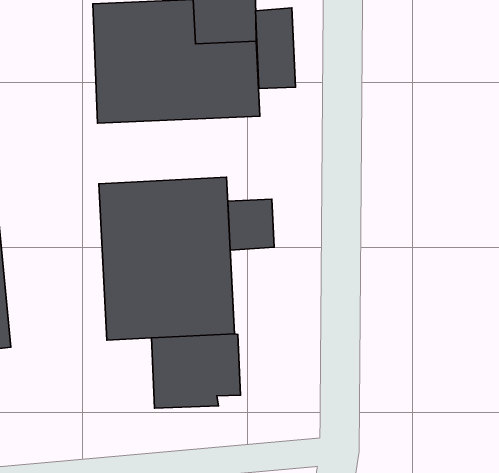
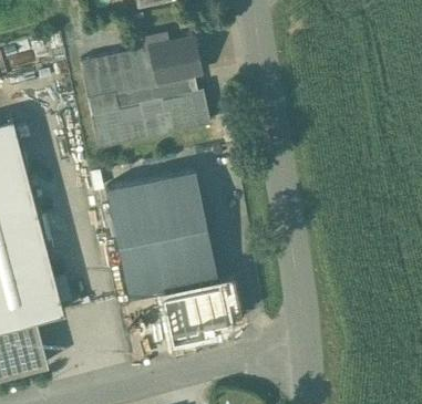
building: [256,8,295,88] -> none
building: [228,199,274,250] -> none

